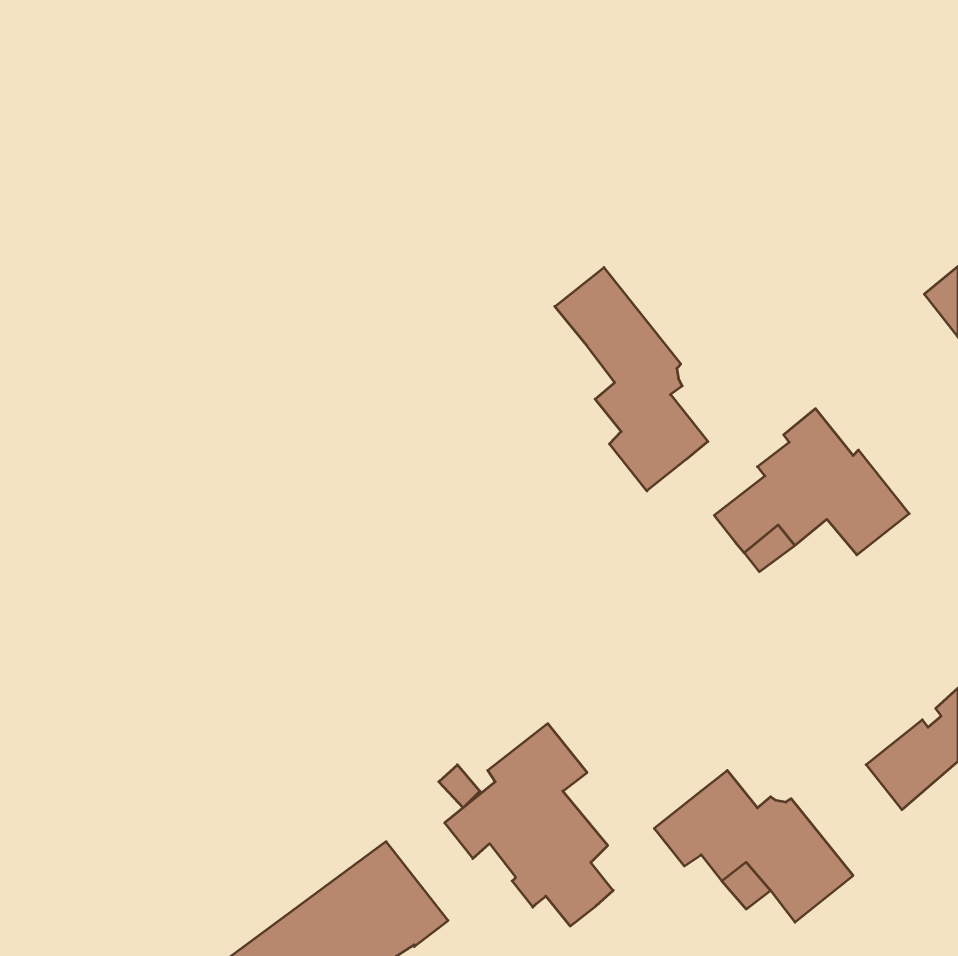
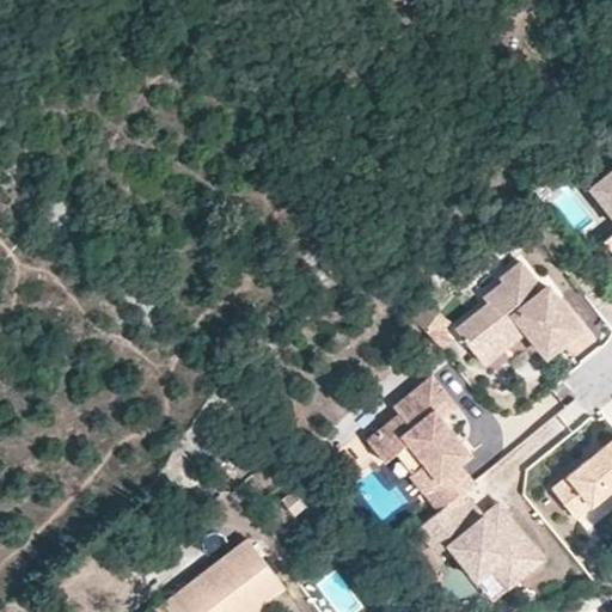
building: [555,267,708,491] -> none
building: [445,724,613,926] -> [367,377,475,506]

